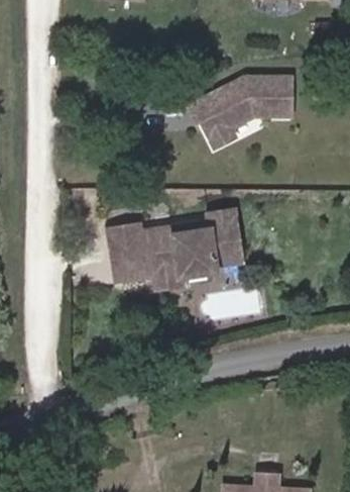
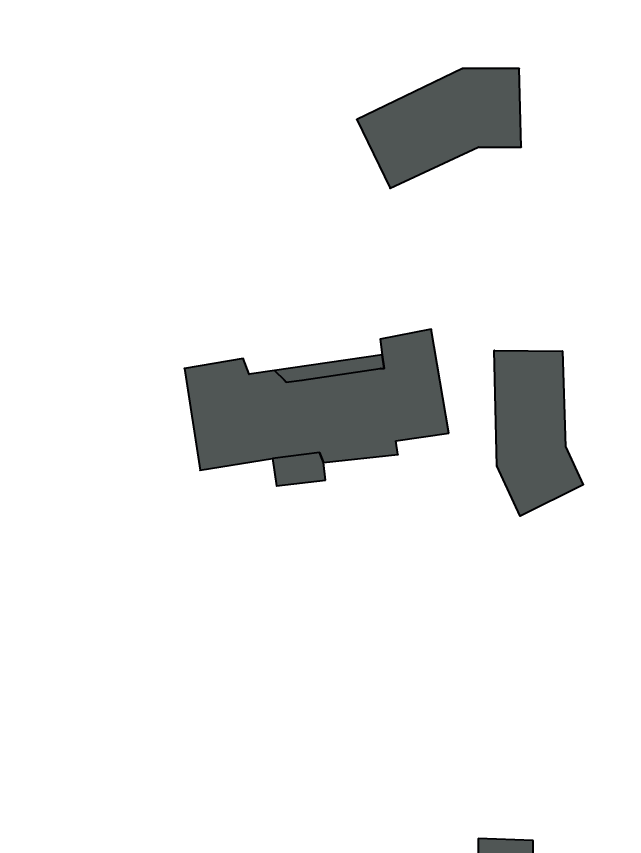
building: none -> [494,350,583,516]

